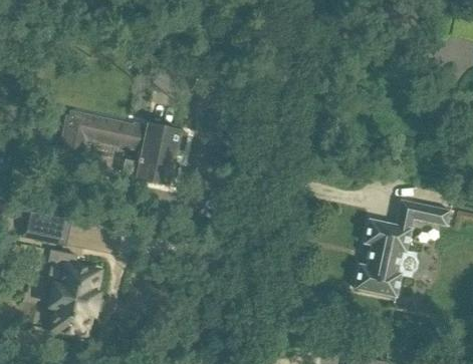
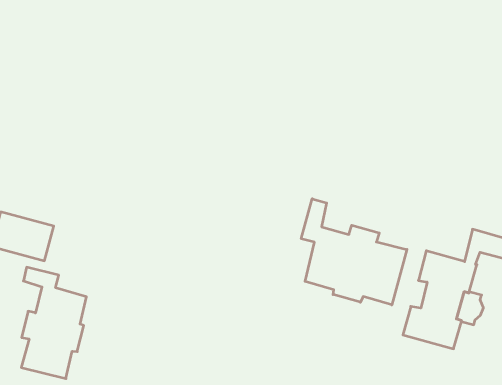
building: [63,112,188,184] -> none
building: none -> [301,199,407,305]

